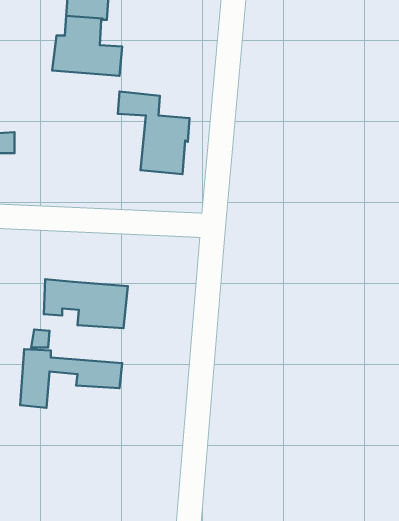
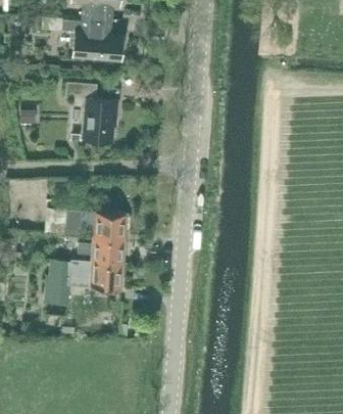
building: [118,92,189,174] -> [65,82,117,142]
building: none -> [70,242,124,271]

